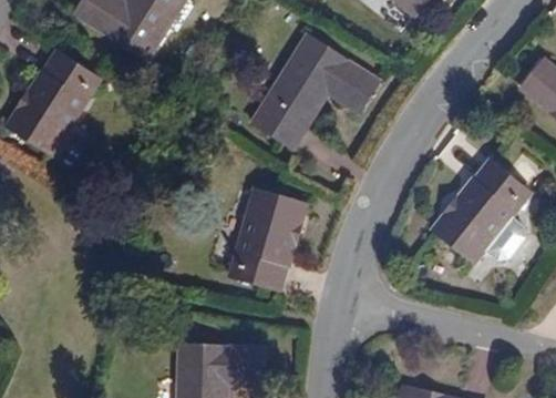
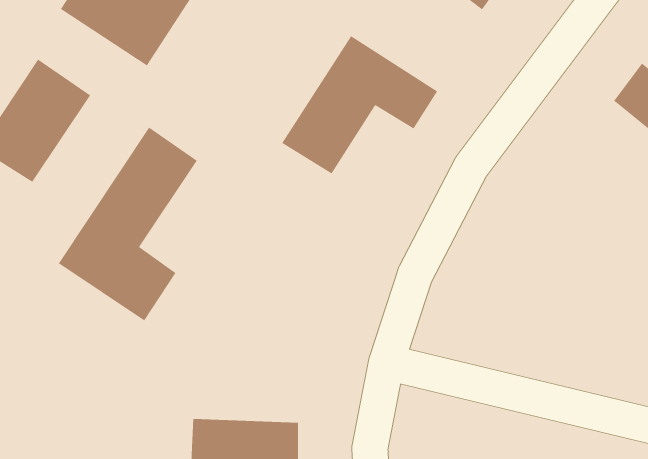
building: none -> [58,126,198,321]
building: [431,159,529,263] -> none
building: [231,188,306,289] -> none

